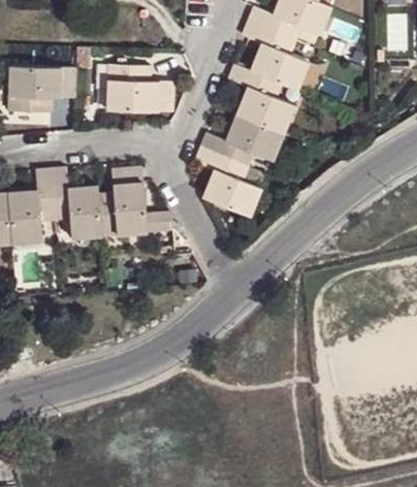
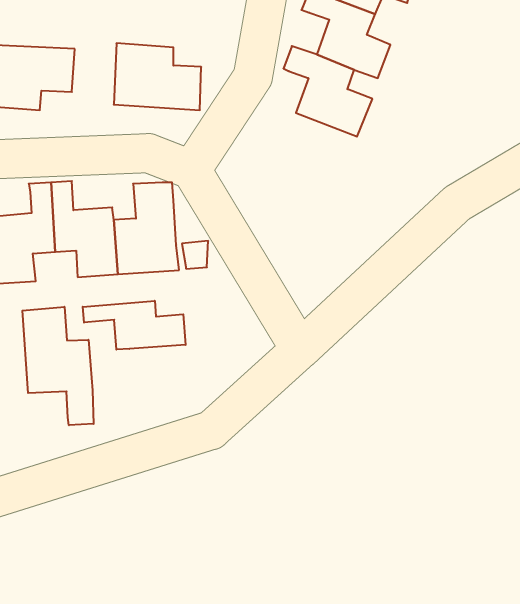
building: [195,116,282,216] -> none
building: none -> [83,301,186,350]
building: none -> [22,307,94,425]

